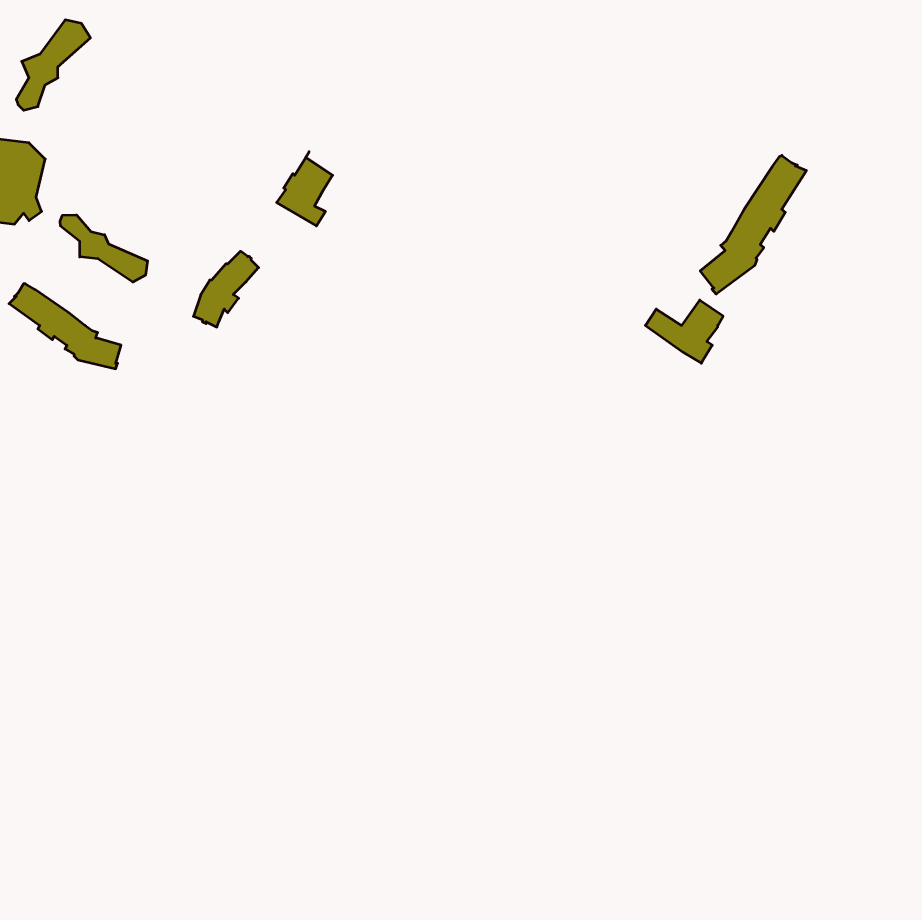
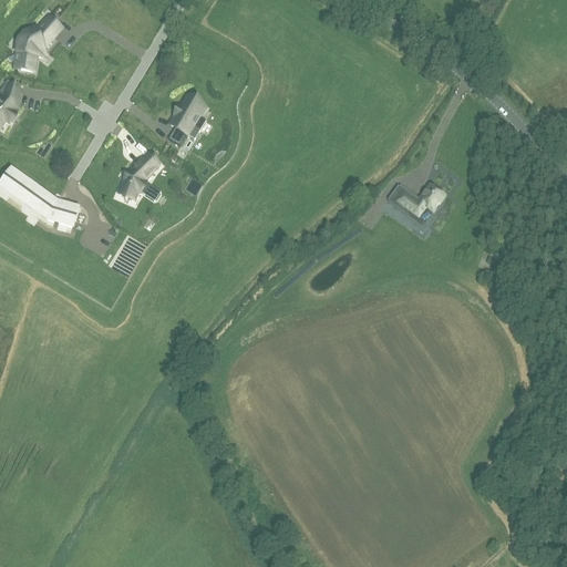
building: [700,155,806,294] -> none
building: [60,215,148,282] -> none

